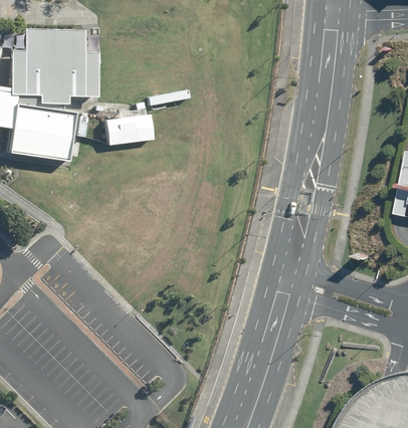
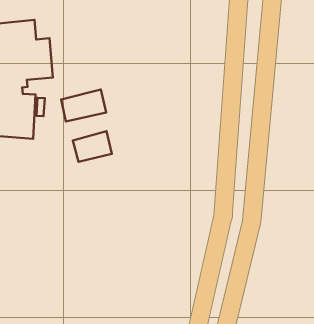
building: none -> [73,131,112,162]

